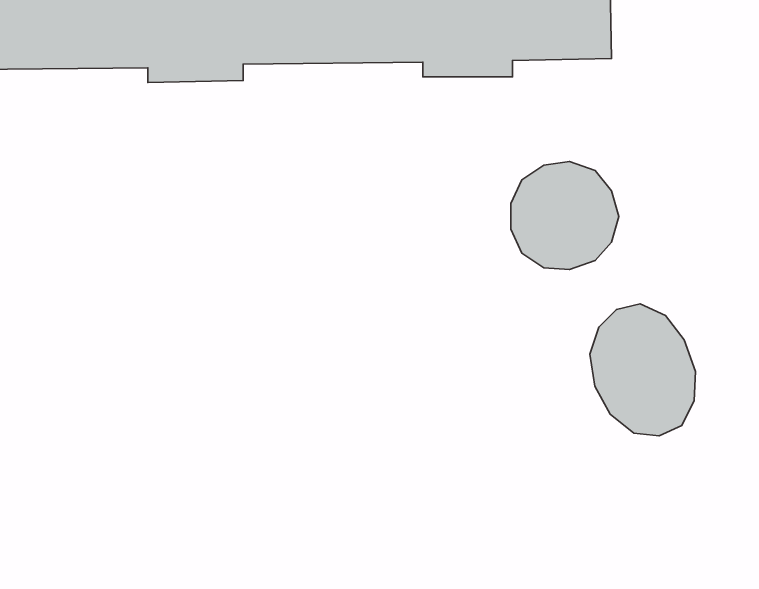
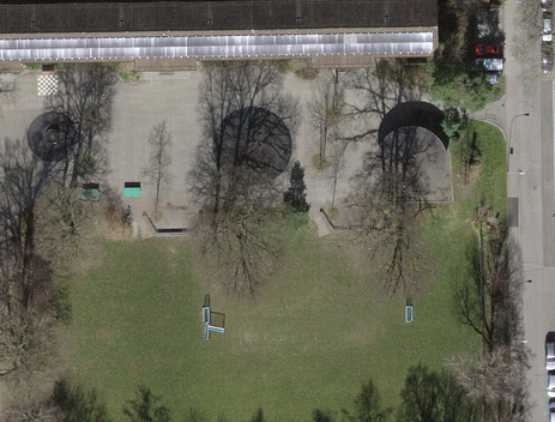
building: [590,304,696,436] -> none

